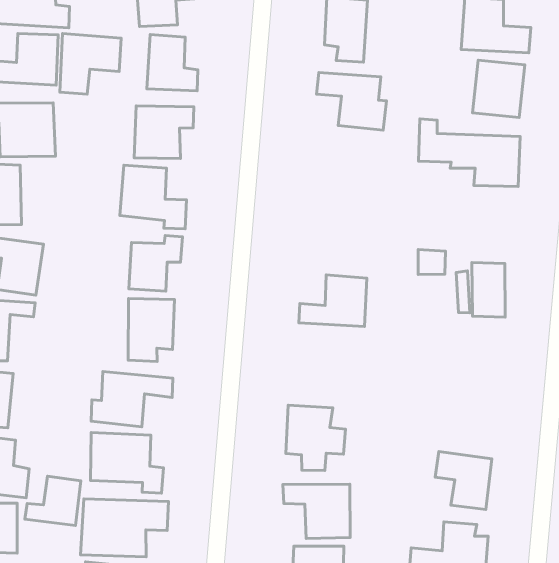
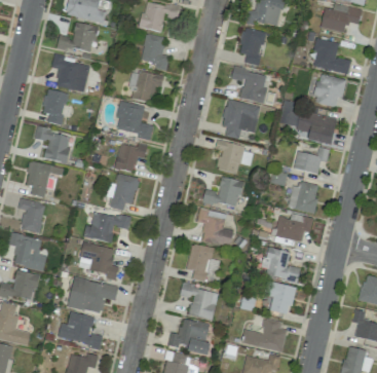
building: [60,34,121,94] -> none
building: none -> [222,99,261,139]
building: none -> [295,147,330,173]
building: none -> [216,139,254,173]
building: none -> [276,213,313,241]
building: none -> [197,207,234,247]
building: none -> [262,247,301,281]
building: [25,476,81,525] -> none

